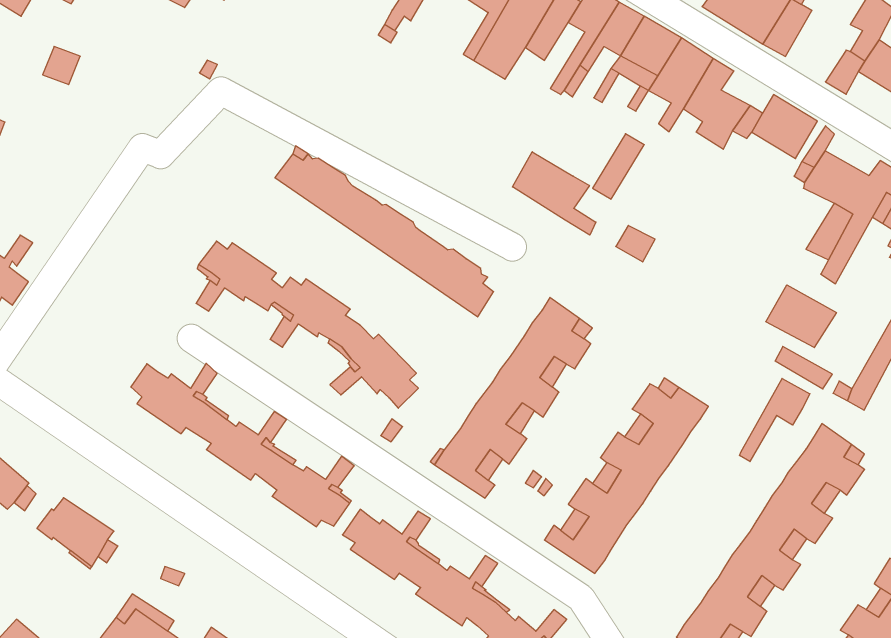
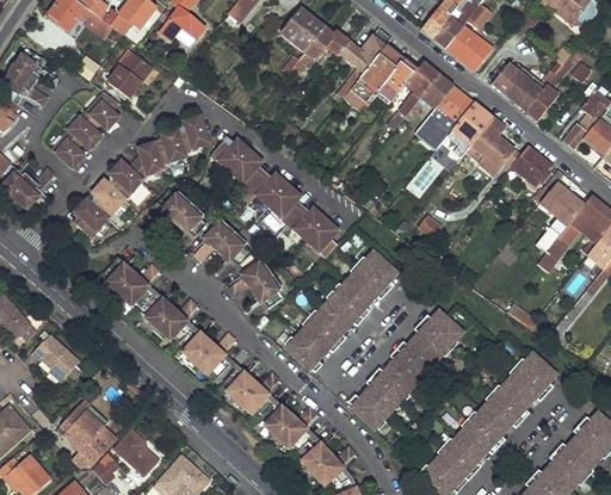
building: none -> [104,51,150,98]
building: none -> [51,92,117,166]
building: none -> [75,118,209,237]
building: [512,152,596,235] -> none
building: [766,285,836,348] -> none
building: [740,378,810,462] -> none

